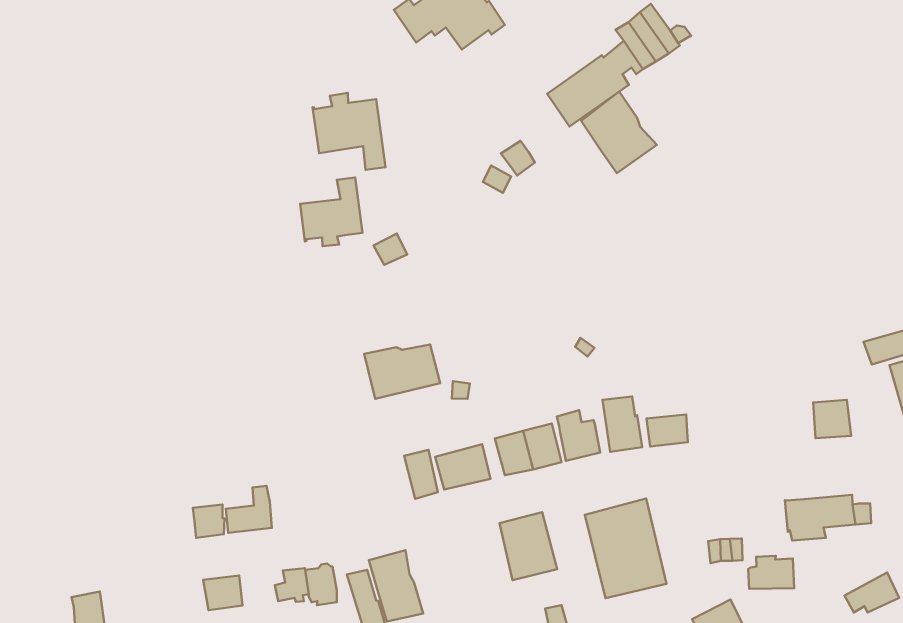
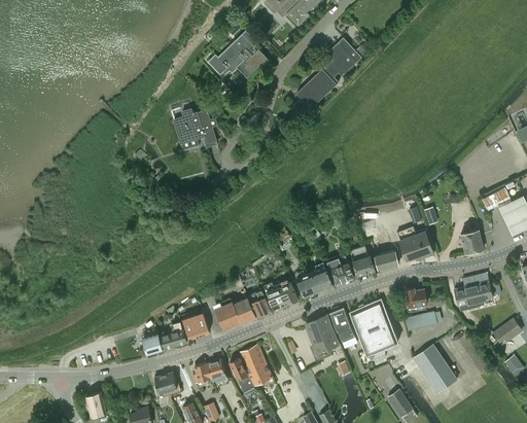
building: [581,92,657,173] -> none
building: [300,177,363,246] -> none
building: [364,344,440,399] -> [213,298,255,331]
building: none -> [396,226,434,260]
building: none -> [182,313,209,339]
building: none -> [329,308,356,348]
building: [748,556,794,589] -> [400,287,426,307]

